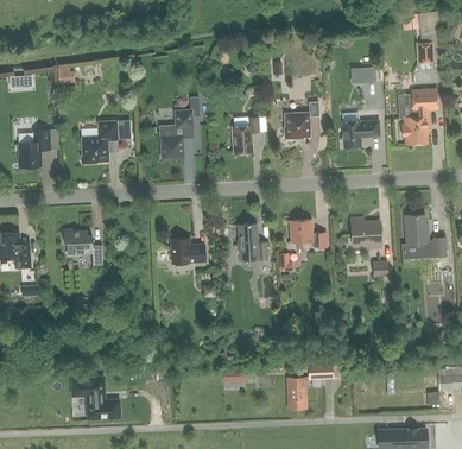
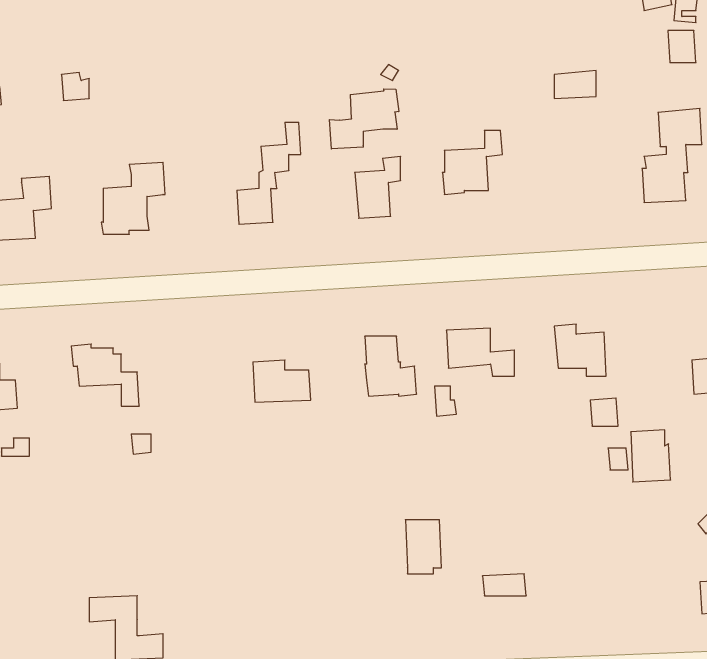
building: none -> [330,89,399,149]
building: [341,121,380,148] -> none
building: [405,215,429,246] -> [631,430,671,482]
building: [286,378,308,410] -> [405,520,441,574]

